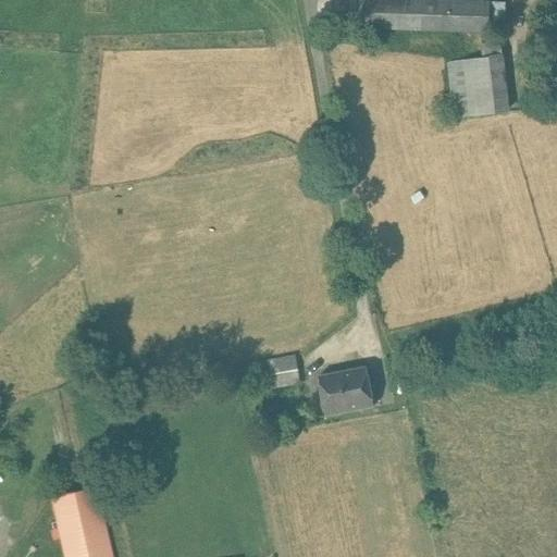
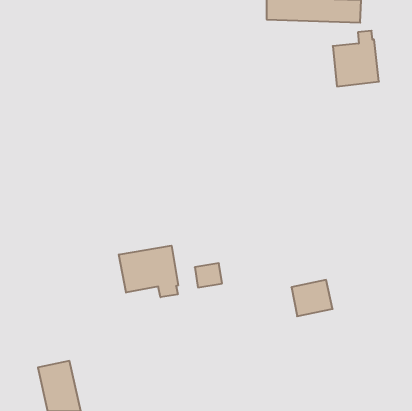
building: none -> [119,246,178,297]
building: [319,366,374,414] -> [291,280,333,316]

